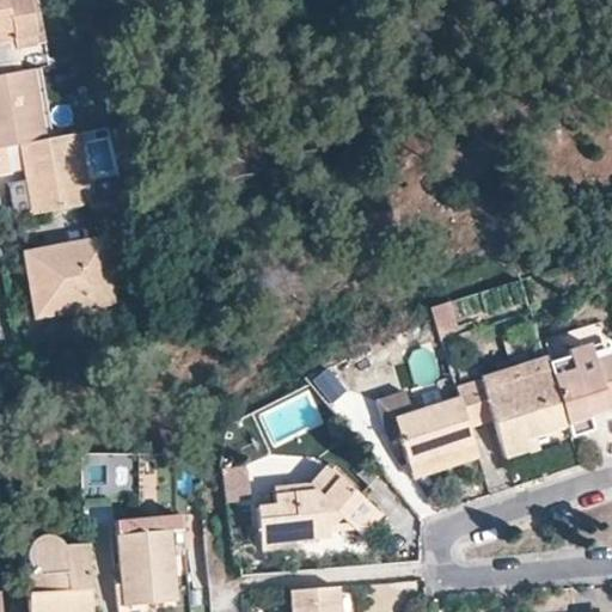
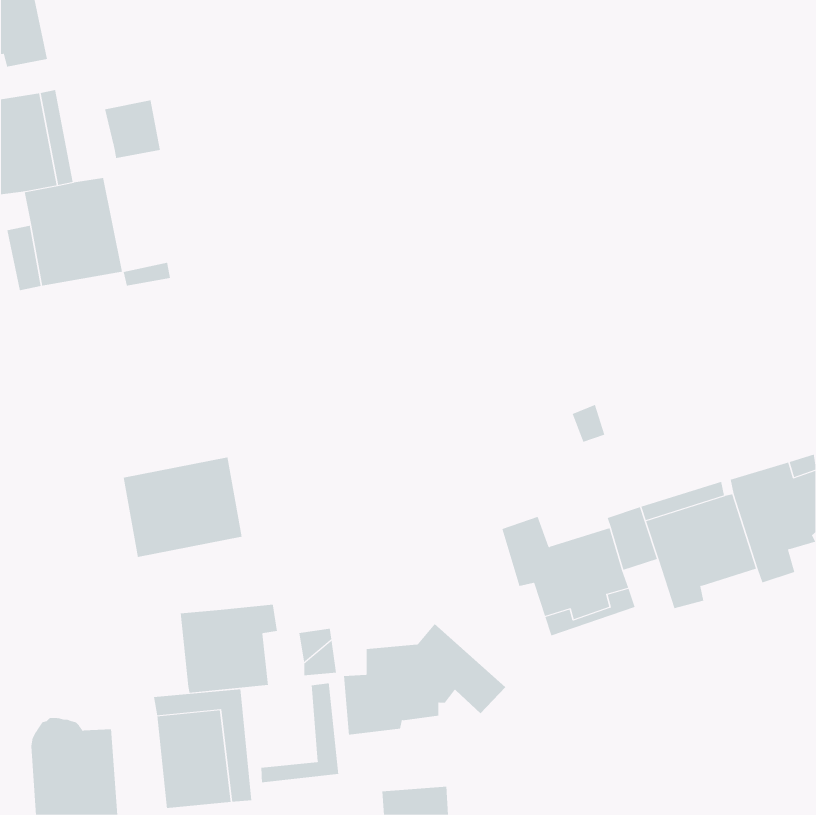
building: none -> [104,99,160,159]
building: [25,237,115,312] -> [123,457,243,557]
building: none -> [180,604,278,693]
building: none -> [261,682,339,783]

